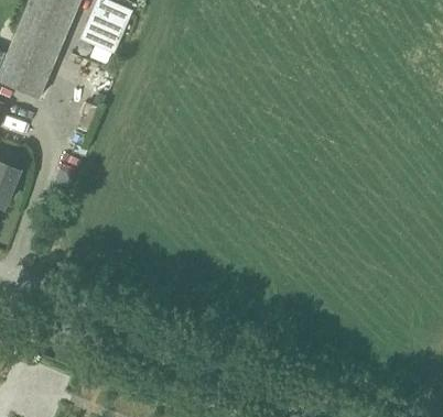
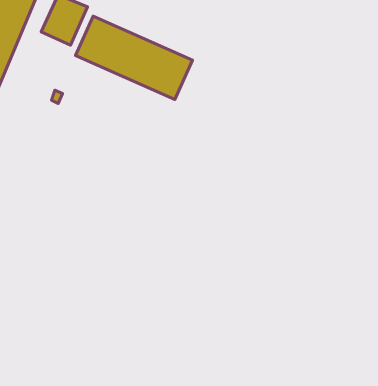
building: none -> [75,16,192,100]

